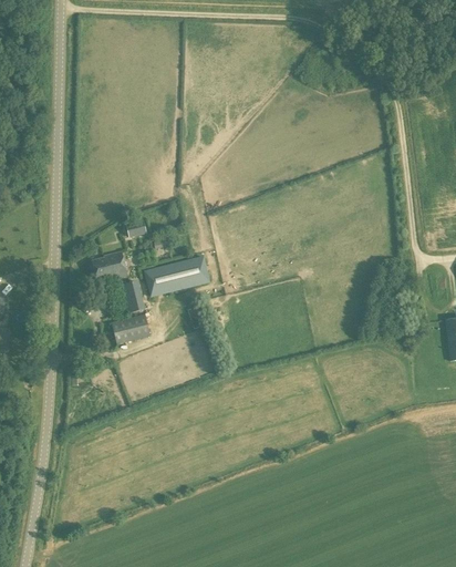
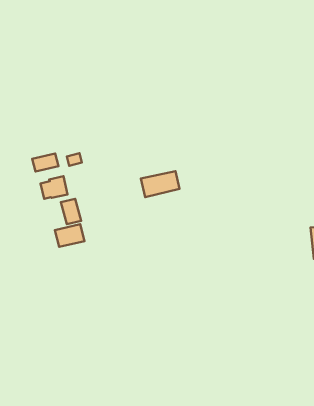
building: none -> [32,154,58,171]
building: [153,264,204,298] -> [141,171,180,197]

